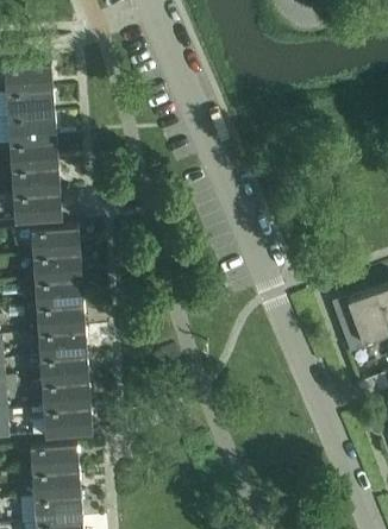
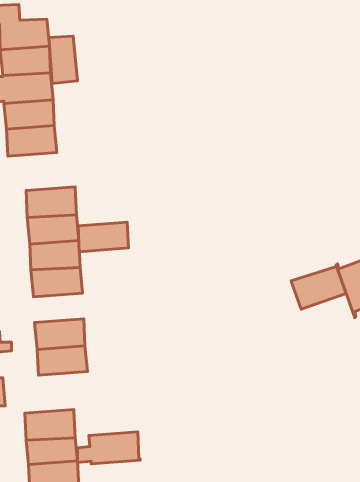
building: none -> [49,36,77,83]
building: [13,194,62,222] -> none
building: none -> [291,266,346,309]
building: [38,330,87,359] -> [78,222,128,252]
building: [32,407,93,437] -> [78,432,140,464]

